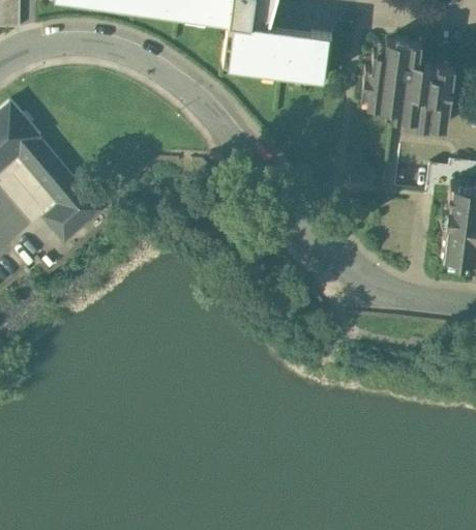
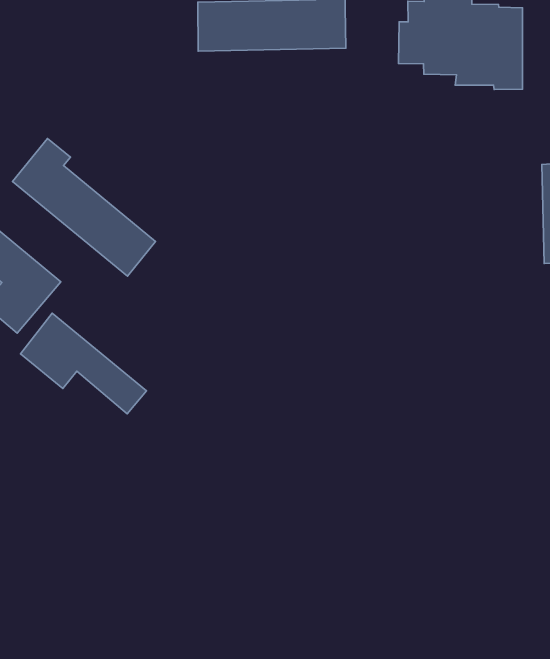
building: none -> [13,139,156,276]
building: none -> [20,313,147,414]

